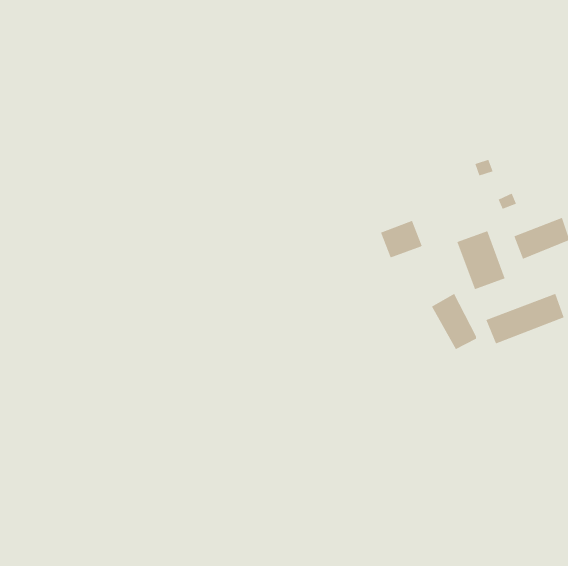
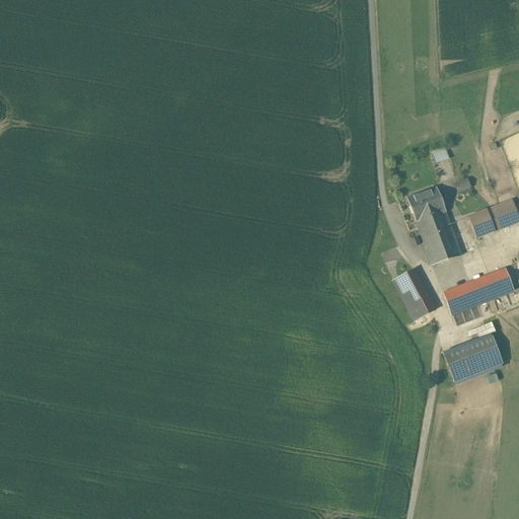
building: [380,220,422,258] -> [407,186,446,220]
building: none -> [443,332,503,380]

